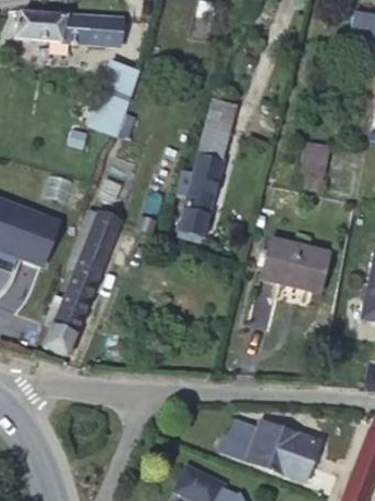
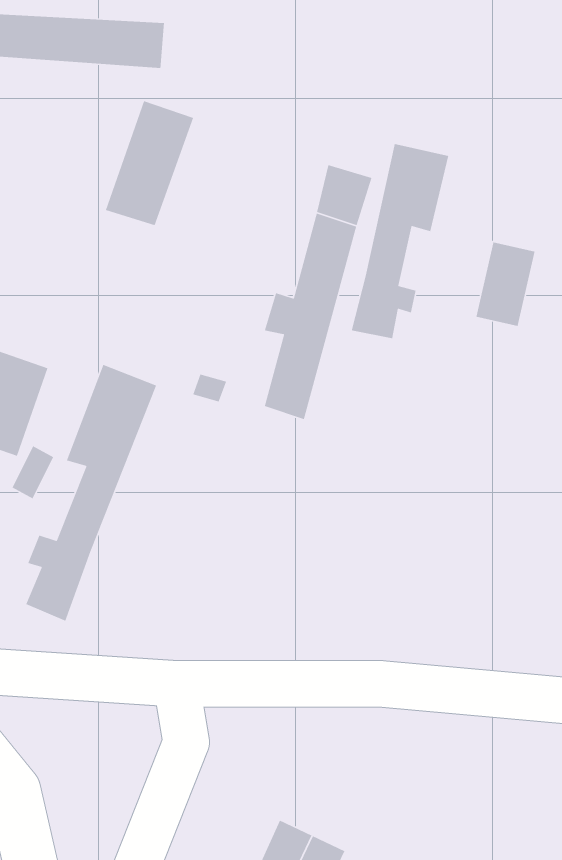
building: none -> [351,143,449,339]
building: [262,239,329,292] -> none
building: [221,420,320,480] -> none

